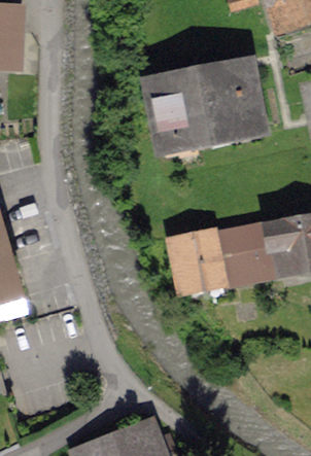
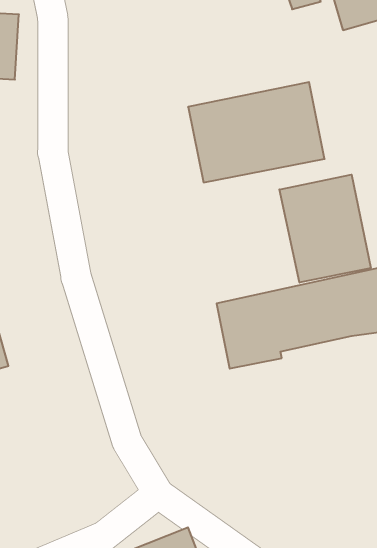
building: none -> [279,175,371,283]

